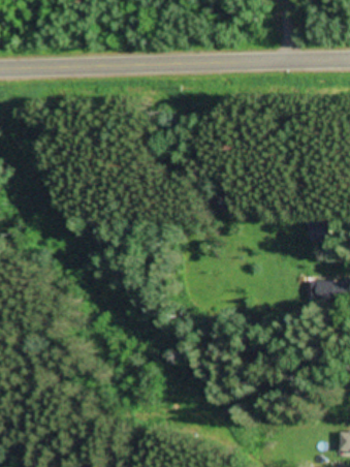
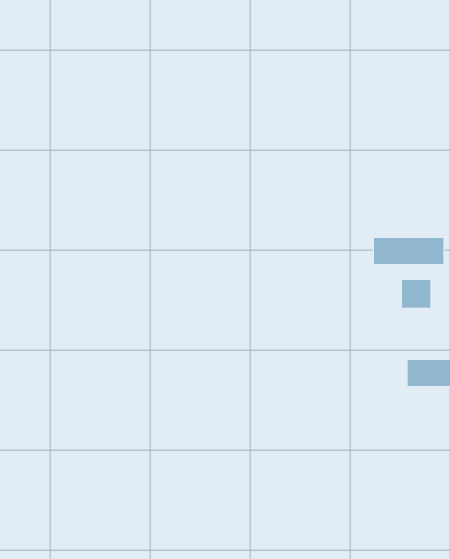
building: none -> [373,237,444,265]

